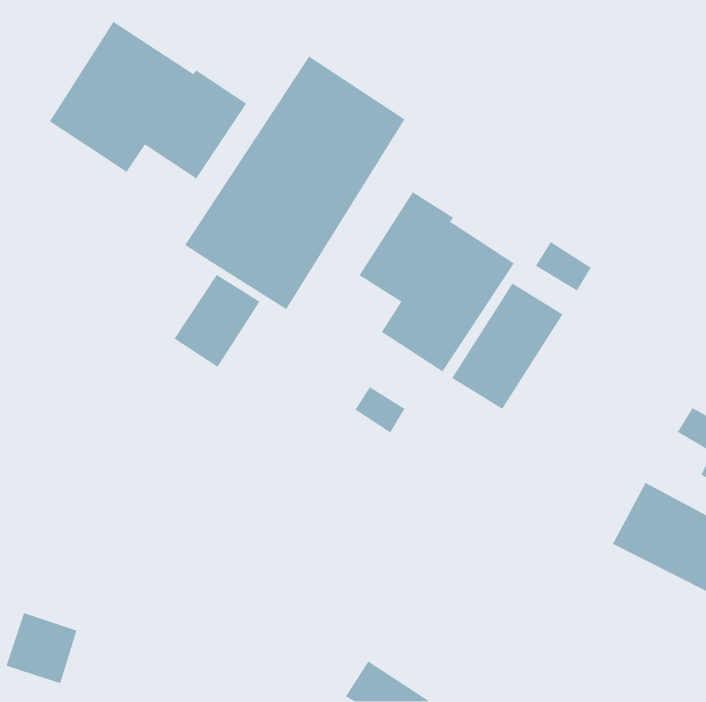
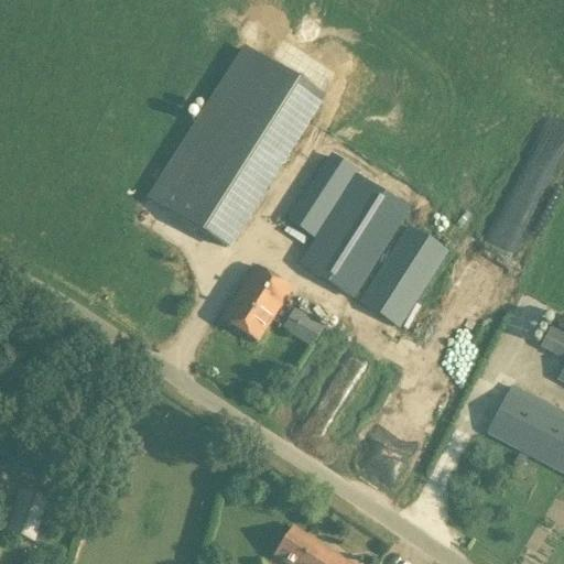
building: [49,21,247,180] -> none
building: [535,241,592,292] -> none
building: [173,274,261,368] -> [223,265,292,340]

